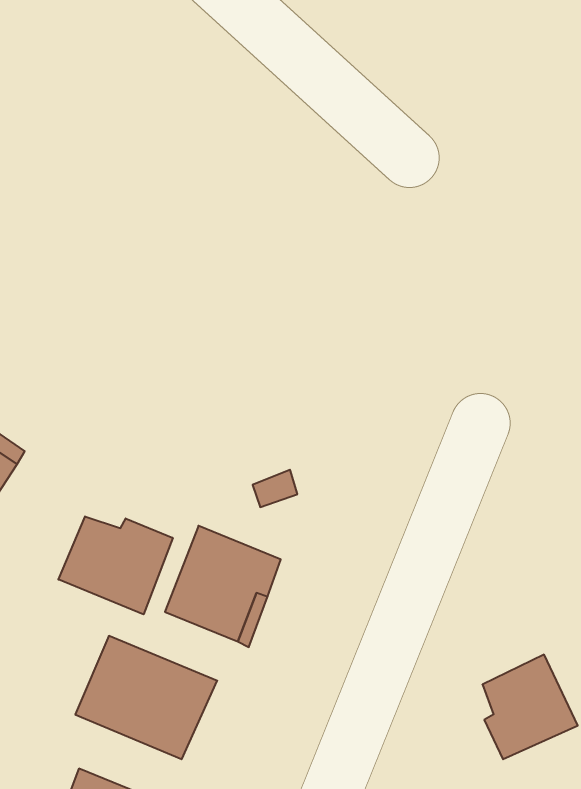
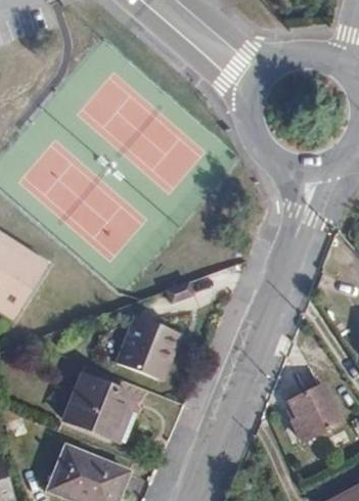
building: [58,516,173,614] -> none

